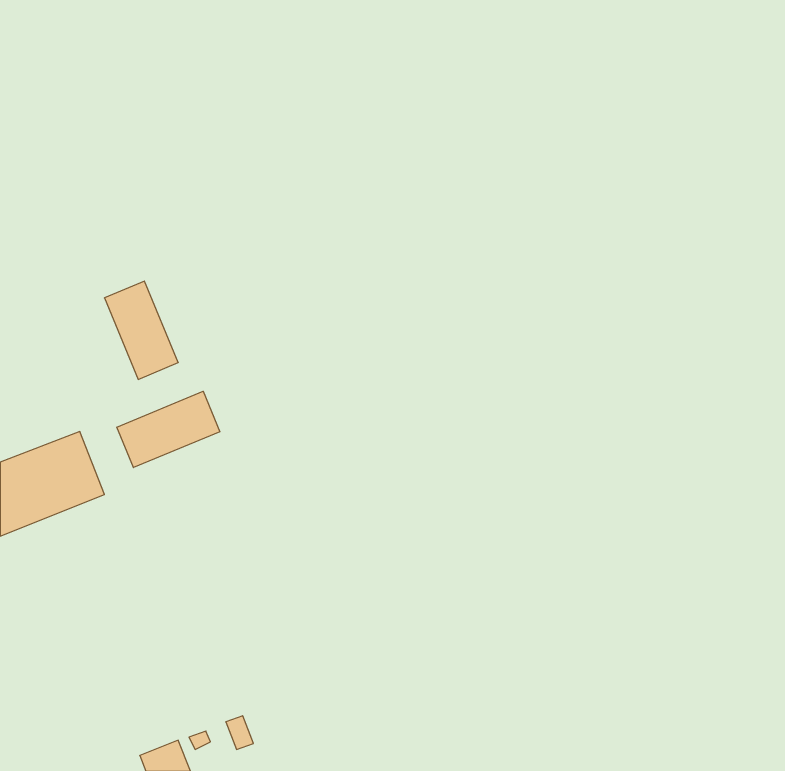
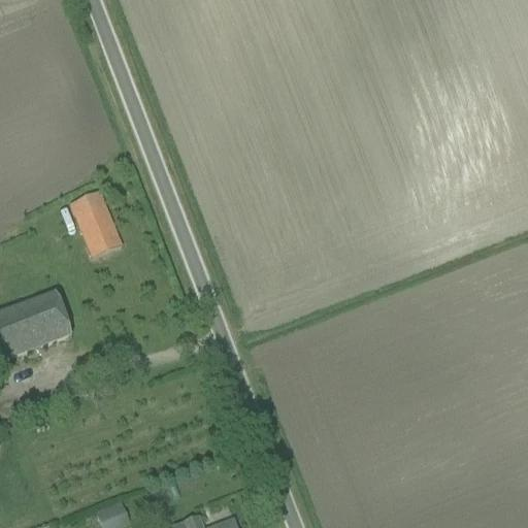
building: [117,391,220,468] -> none

